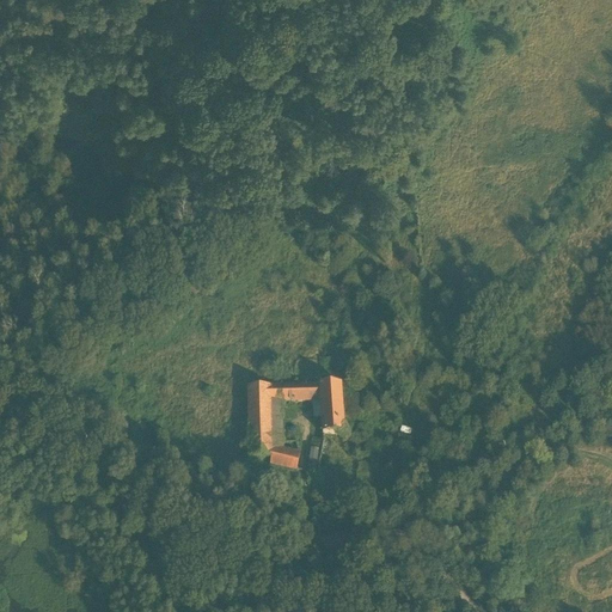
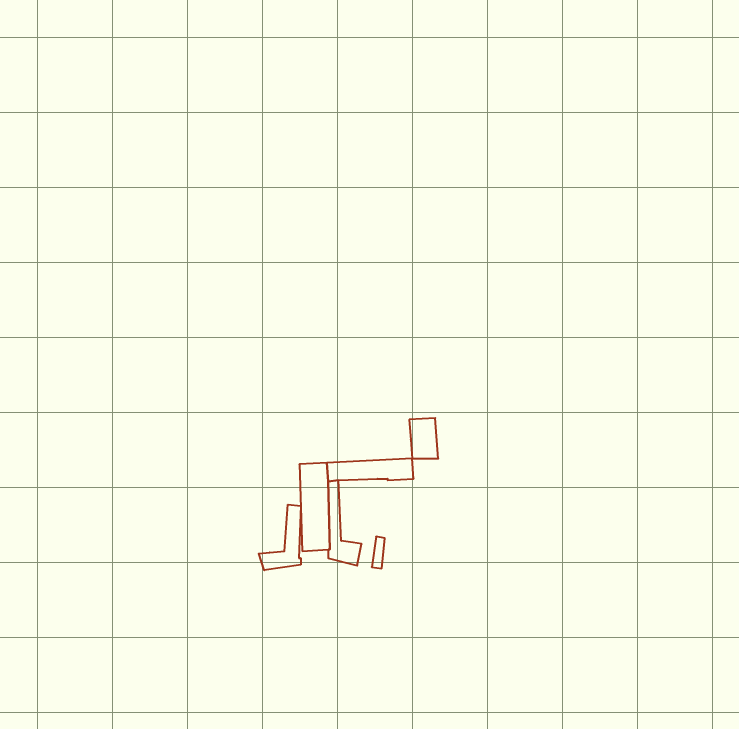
building: [320,396,344,429] -> [409,418,438,459]
building: none -> [259,505,301,570]

